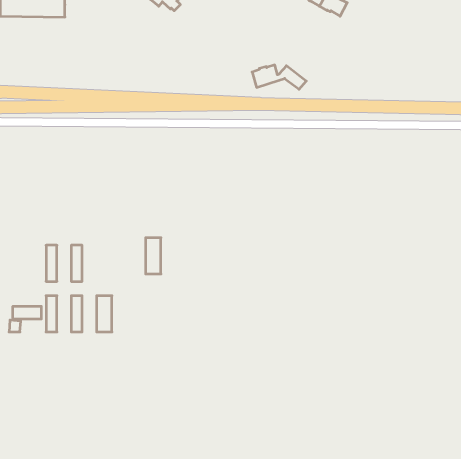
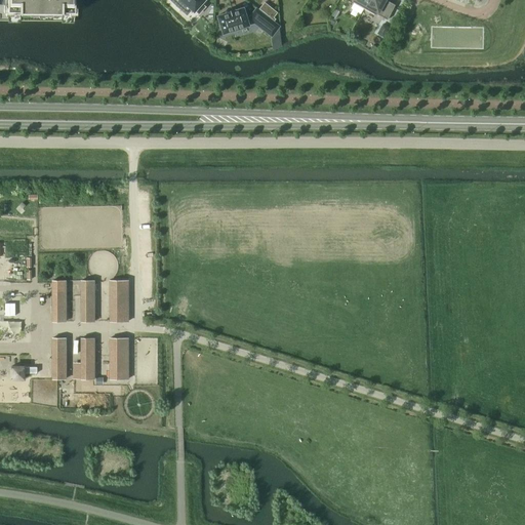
building: [252,65,306,89] -> [217,6,279,34]
building: [146,238,161,274] -> [110,279,127,320]
building: [13,306,41,319] -> none

